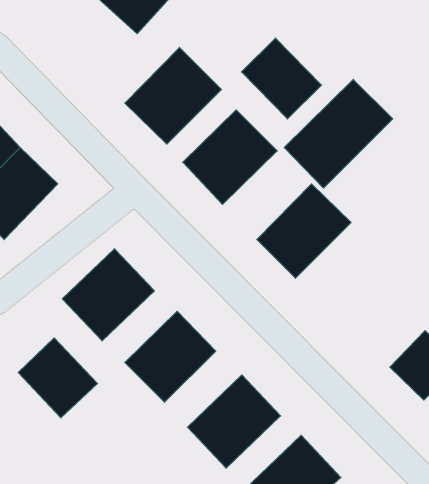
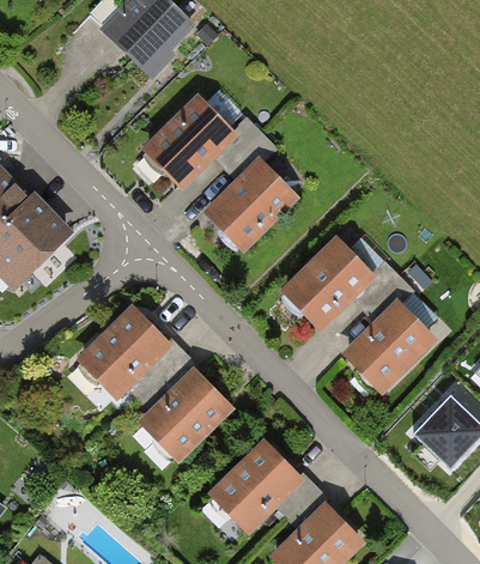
building: [241,38,322,119] -> none
building: [284,79,393,188] -> none
building: none -> [340,298,437,395]
building: [18,338,98,418] -> none

